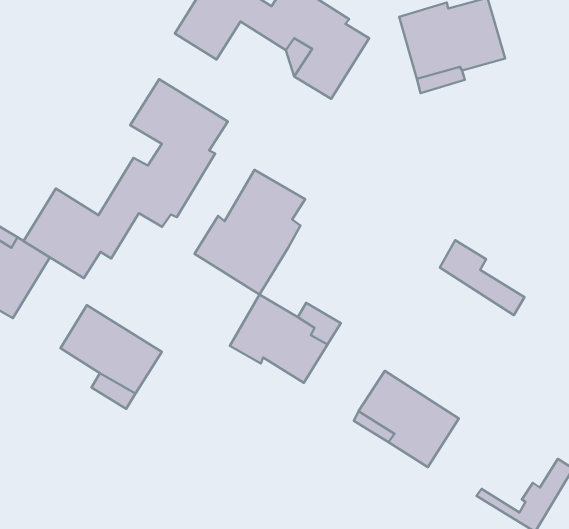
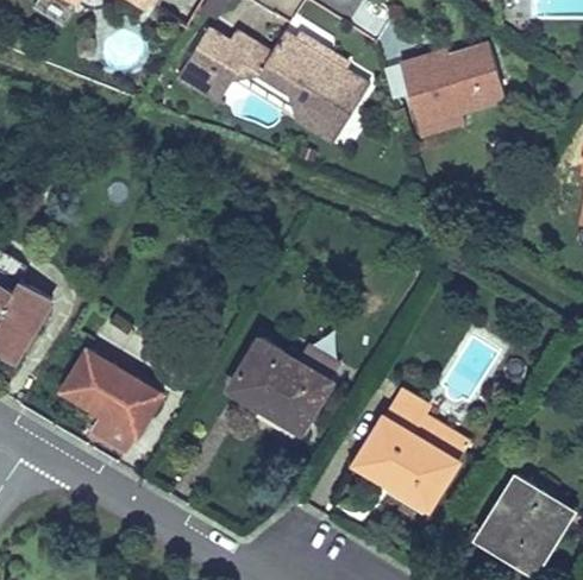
building: [23,79,228,278] -> none
building: [194,170,305,294] -> none
building: [440,240,524,315] -> [384,387,469,462]
building: none -> [481,475,557,556]

